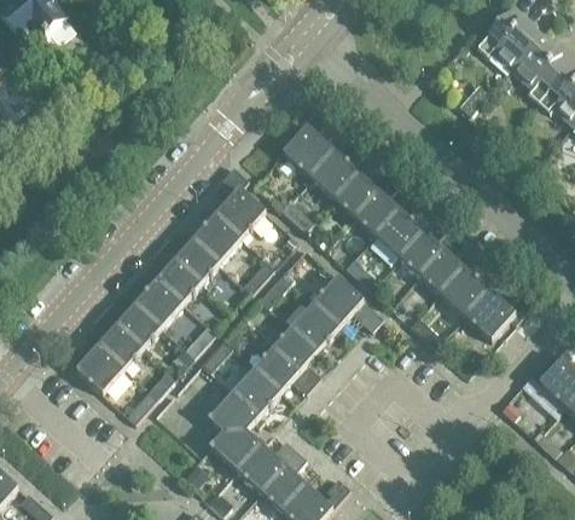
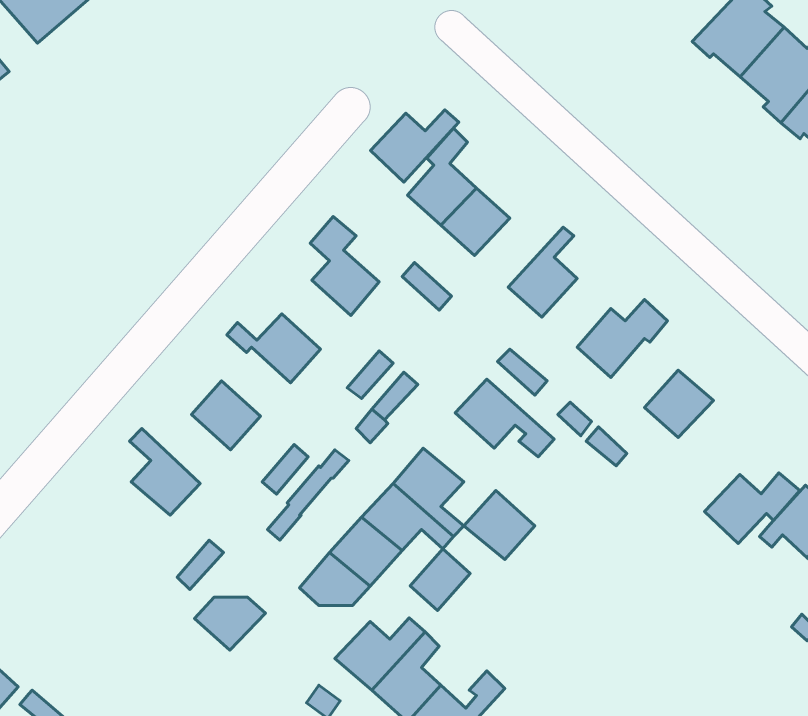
building: [329,163,389,213] -> [370,110,459,182]
building: [374,207,422,254] -> none
building: [197,208,244,255] -> none
building: [152,245,203,301] -> none
building: [422,248,467,295] -> none
building: [467,289,533,337] -> [704,473,800,543]
building: [294,299,342,346] -> [464,491,535,559]
building: [101,300,162,347] -> none
building: [74,346,121,392] -> none
building: none -> [410,549,470,610]
building: [209,431,257,467] -> [195,597,265,650]

